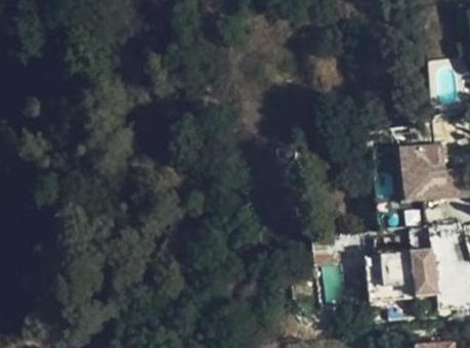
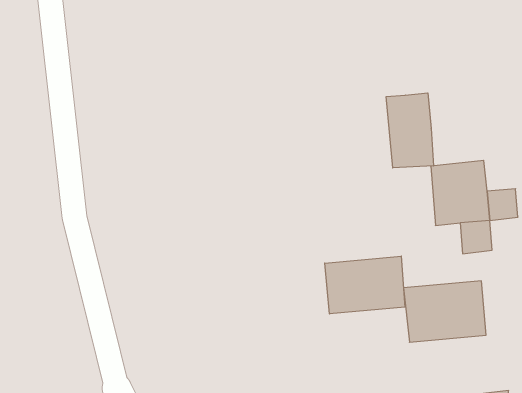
building: none -> [386,93,434,168]
building: none -> [325,256,405,314]

